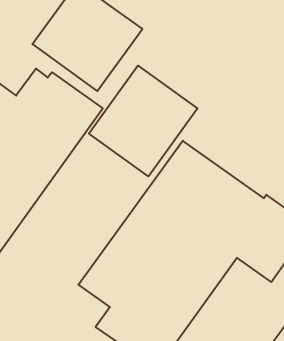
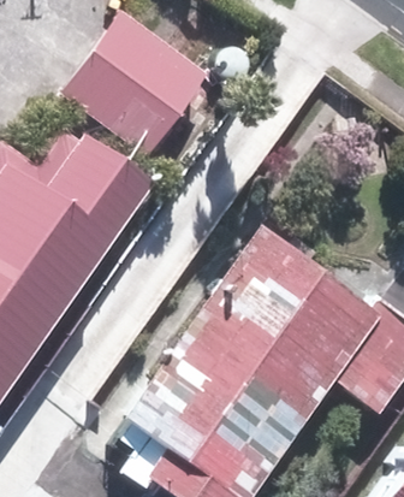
building: [89,66,198,176] -> none

